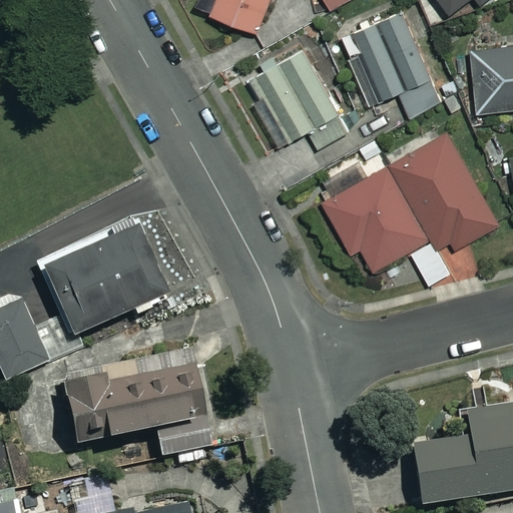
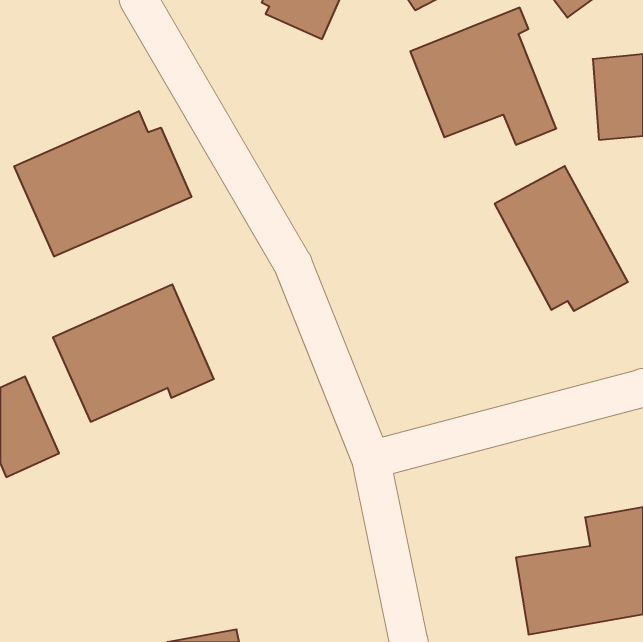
building: [252,47,351,147] -> none
building: none -> [14,111,191,257]
building: [324,162,453,284] -> none
building: [63,364,211,456] -> none

